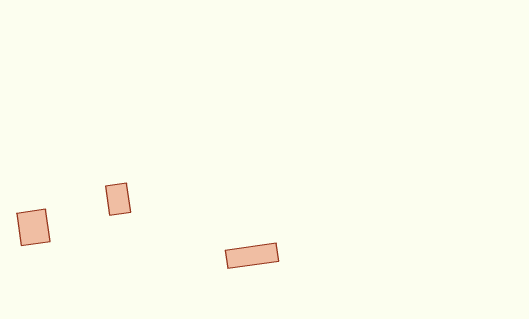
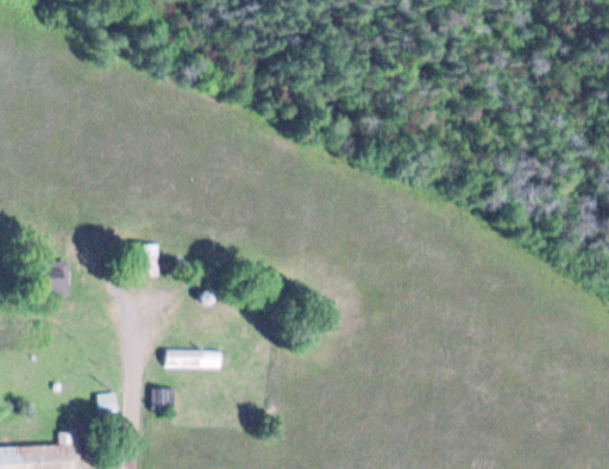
building: [225,243,279,268] -> [165,349,220,368]

